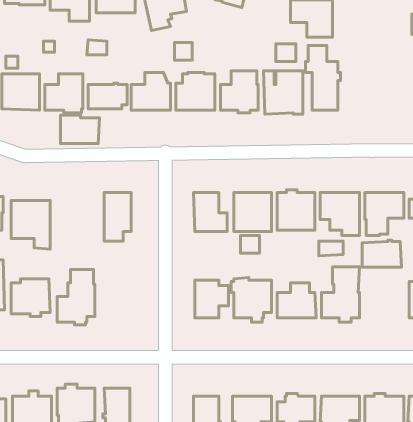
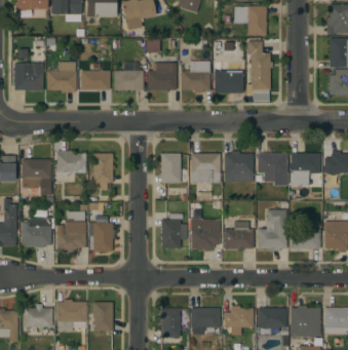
building: [60,115,100,143] -> [56,151,86,172]
building: [362,240,401,267] -> [291,228,320,248]
building: none -> [88,222,115,251]

